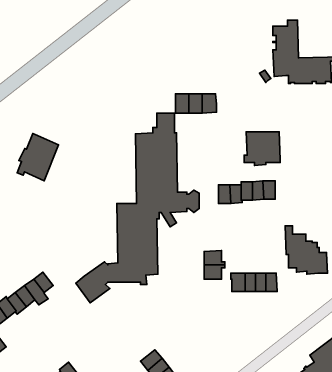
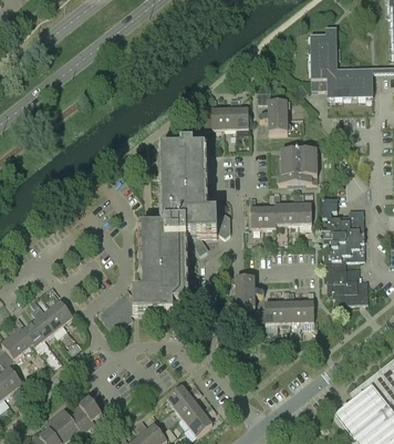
building: none -> [265,101,287,132]
building: [17,133,58,181] -> none
building: none -> [321,198,363,259]

